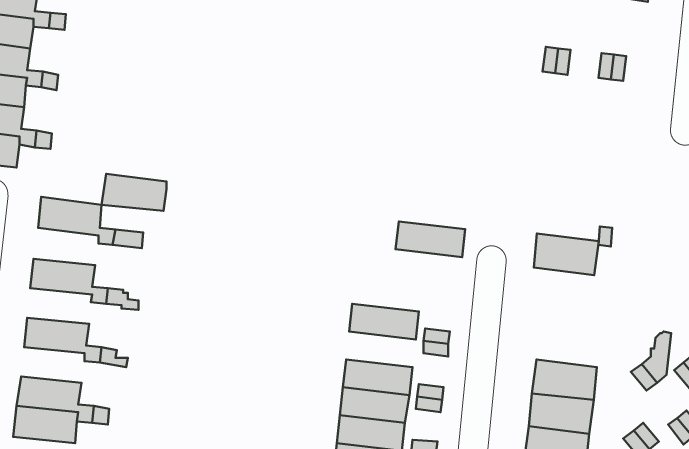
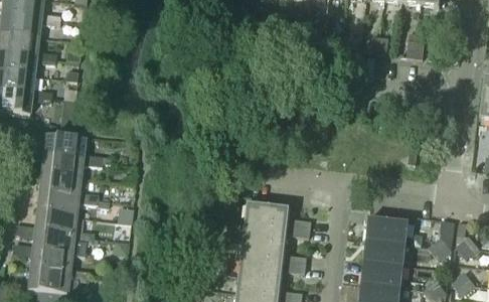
building: [102,174,167,211] -> [39,152,82,176]
building: [396,221,465,257] -> [242,219,288,243]
building: [534,233,599,275] -> [366,215,409,243]
building: none -> [35,191,77,214]
building: none -> [31,230,72,253]

